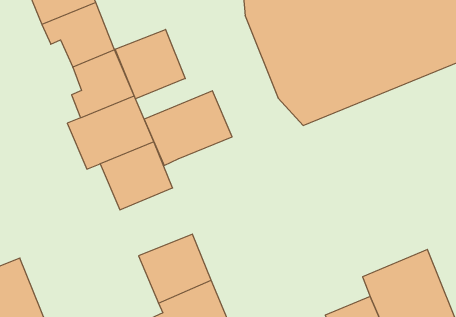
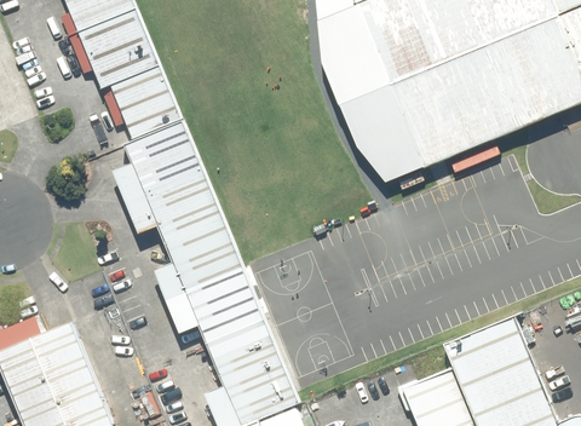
building: [115,29,185,99] -> none
building: [144,91,232,165] -> [160,247,257,329]

